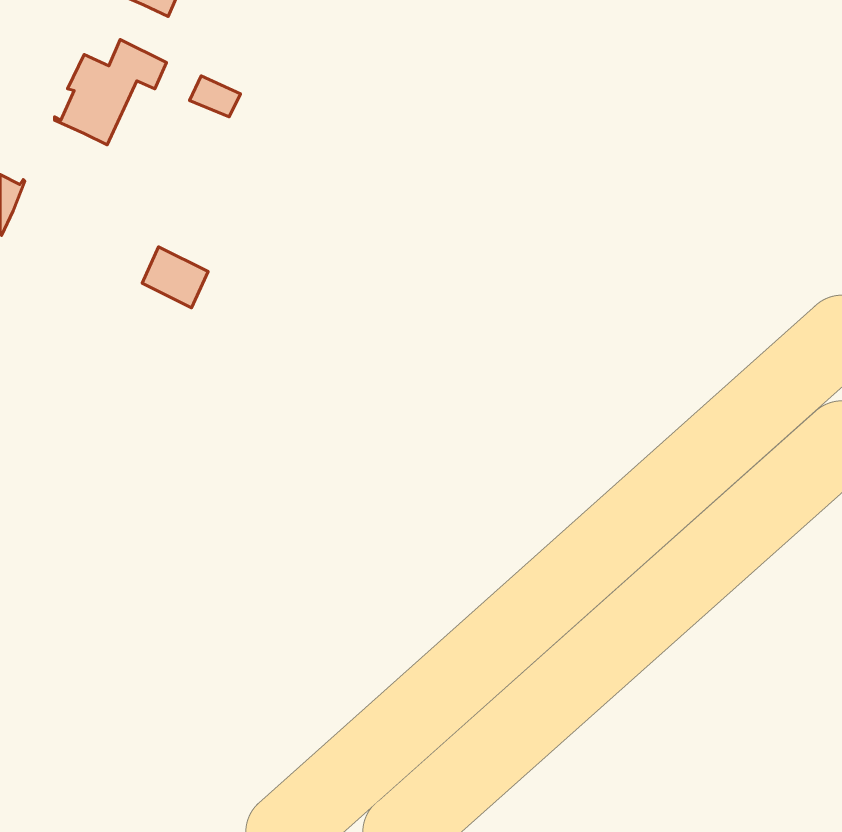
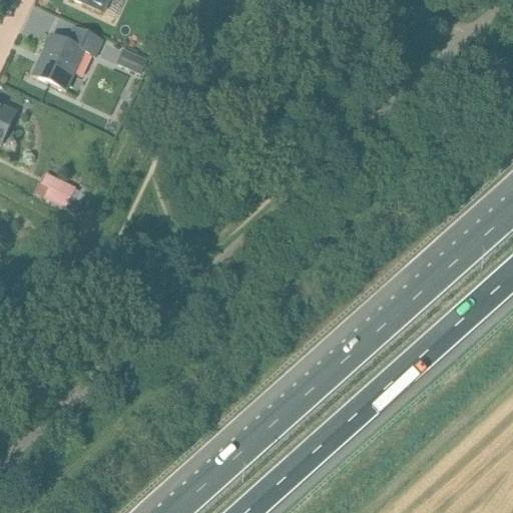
building: [142,247,208,308] -> [35,170,75,207]

